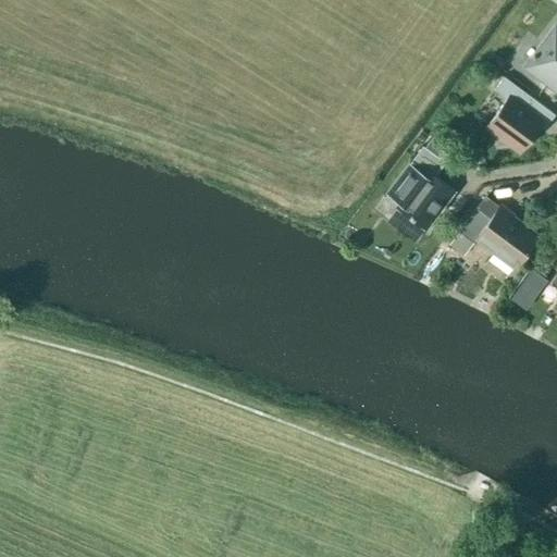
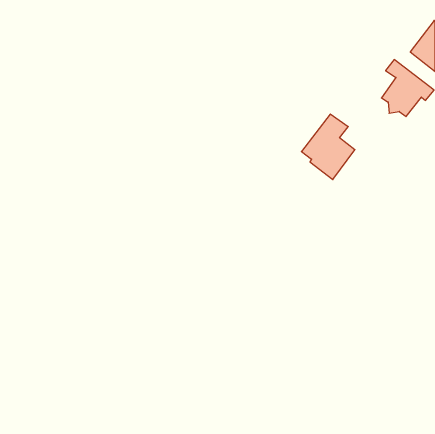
building: [458,206,537,280] -> none
building: [509,270,547,311] -> none

